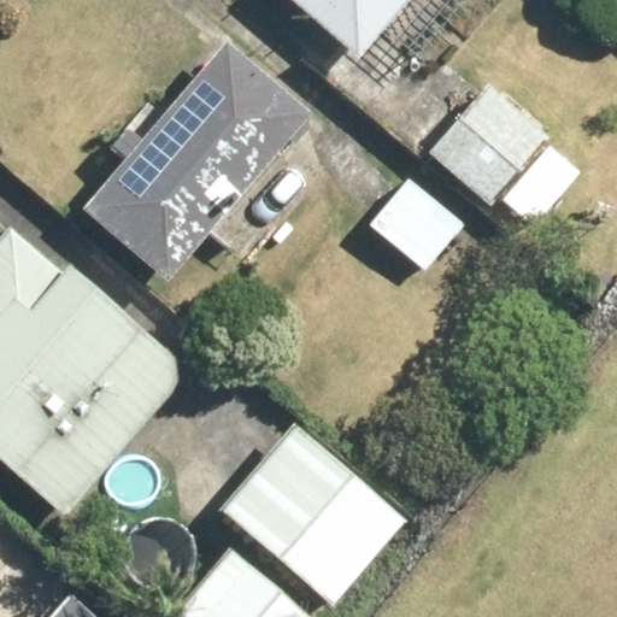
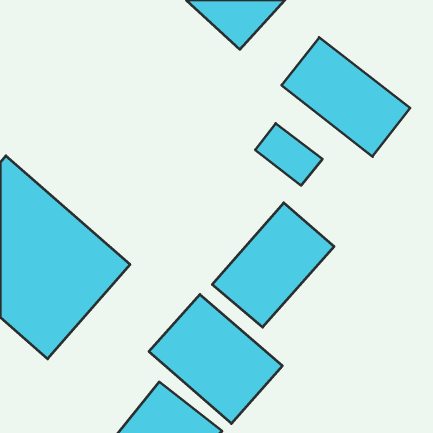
building: [75,48,306,286] -> none
building: none -> [212,203,334,327]

